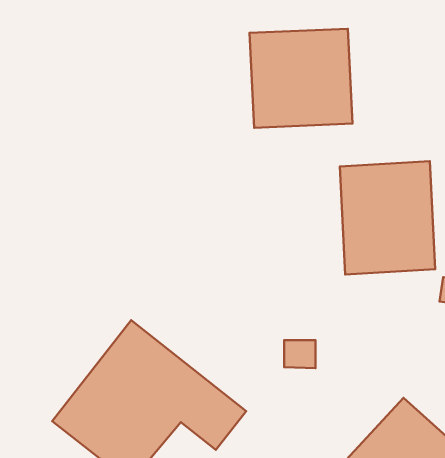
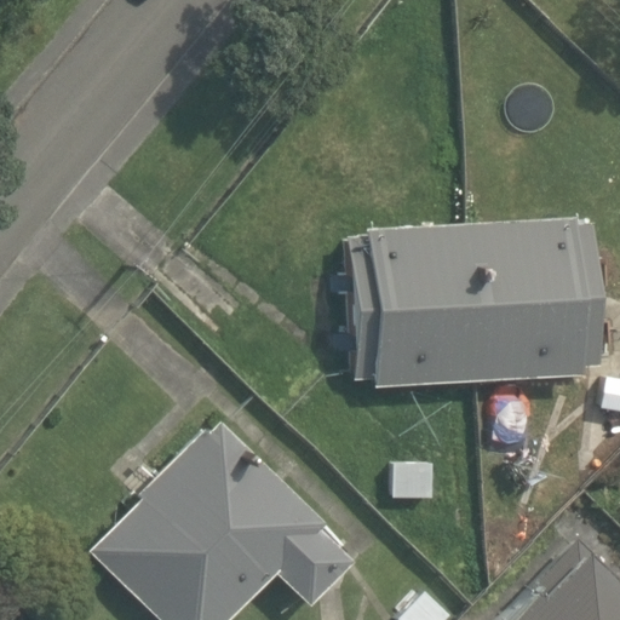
building: [249,29,353,128] -> none
building: none -> [355,226,484,379]

